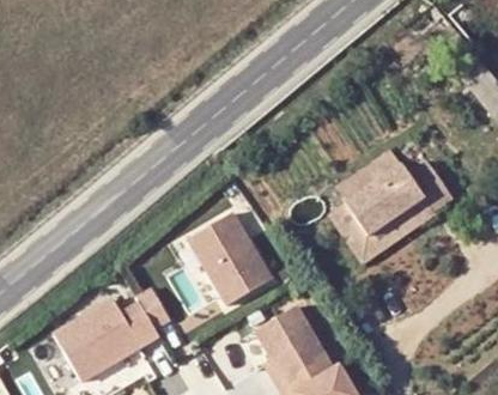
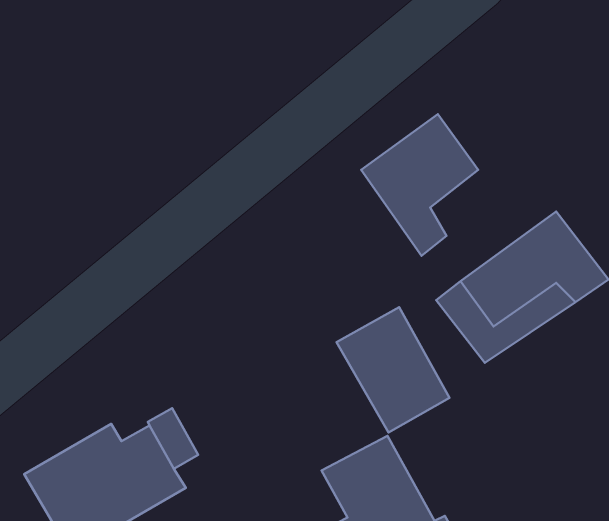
building: none -> [361,114,478,256]
building: [192,215,269,302] -> [336,307,449,432]

